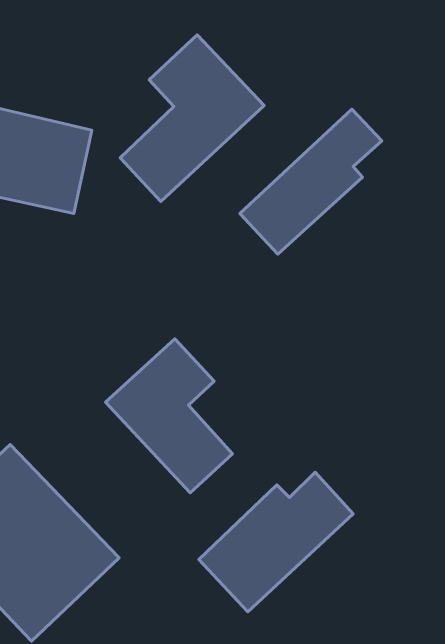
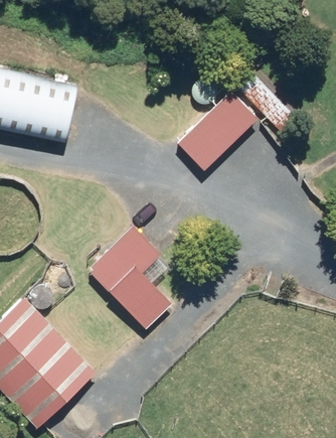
building: [120,35,264,202] -> none
building: [199,472,353,612] -> none

